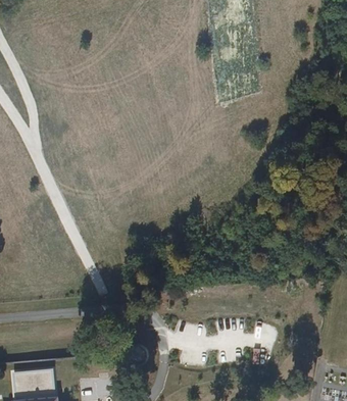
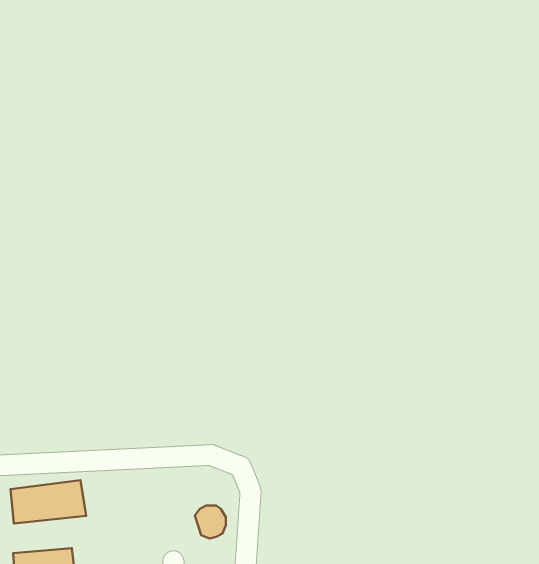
building: none -> [10,480,86,524]

